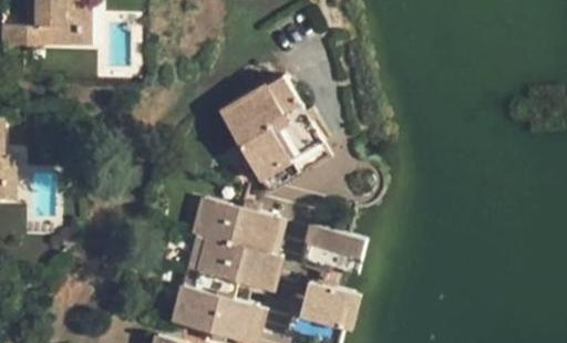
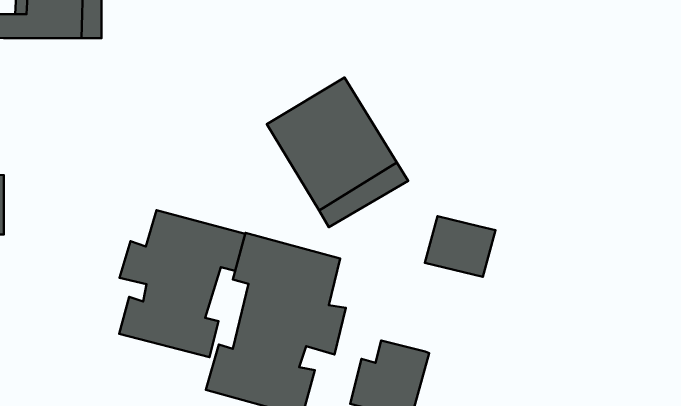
building: none -> [119,210,245,357]
building: [301,226,357,273] -> [425,216,496,277]

